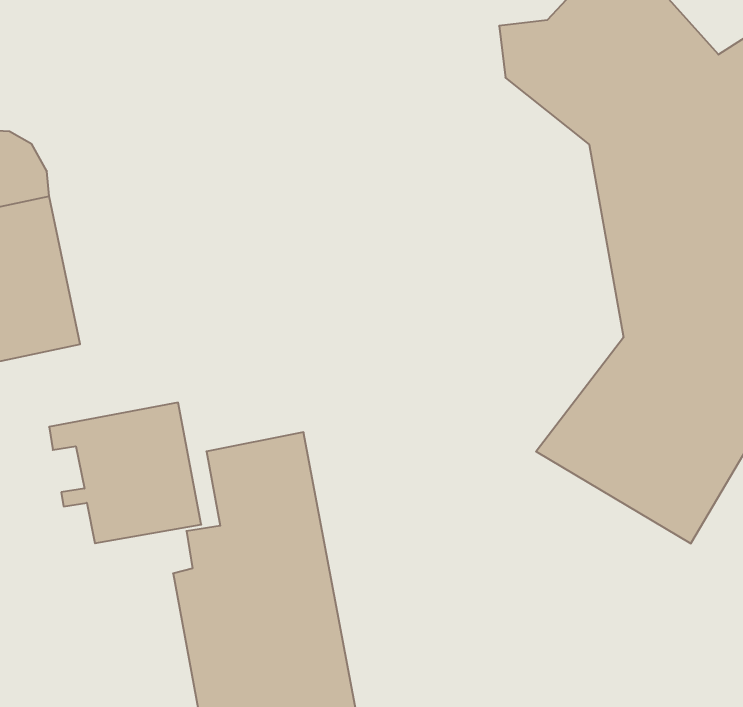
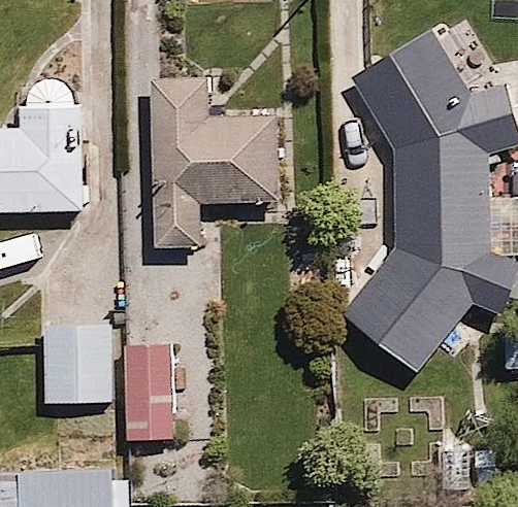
building: none -> [153,80,279,248]
building: [49,403,201,543] -> [33,329,110,401]

